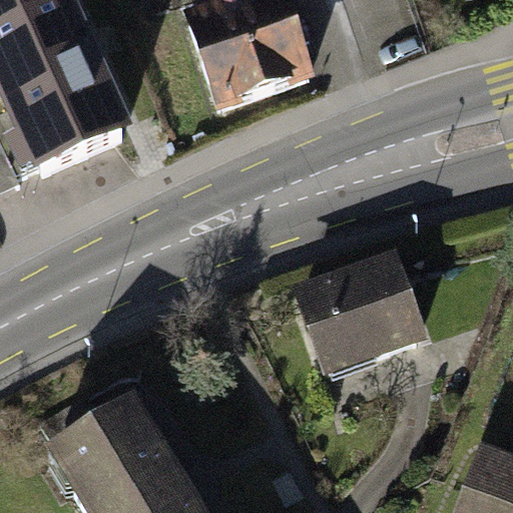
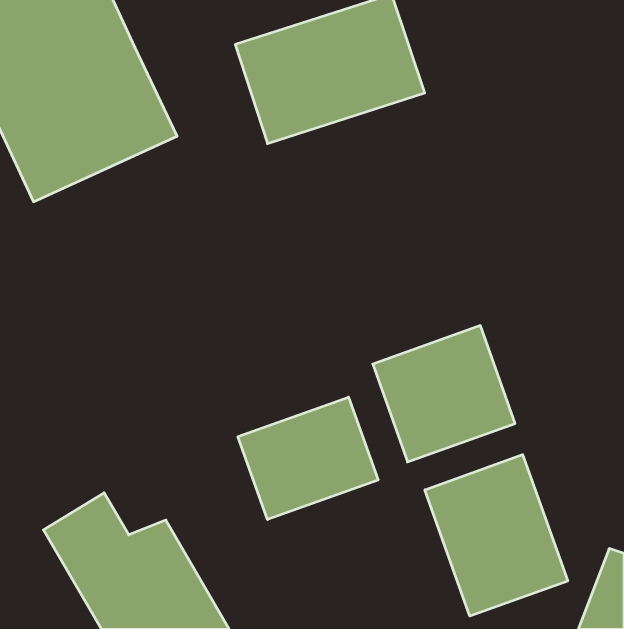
building: none -> [238,397,378,520]
building: none -> [425,455,568,616]

